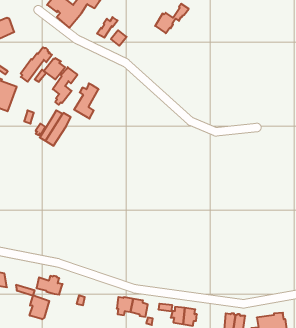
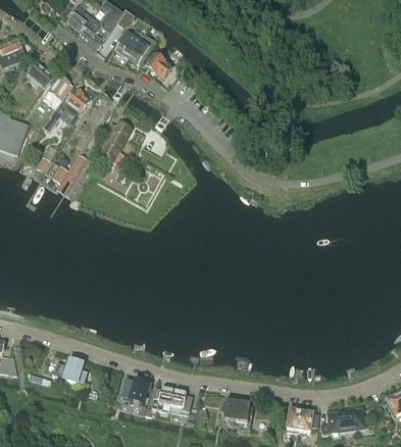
building: [155,4,189,33] -> [115,21,157,58]
building: none -> [26,61,53,88]
building: none -> [122,380,148,404]
building: [30,295,49,319] -> none

